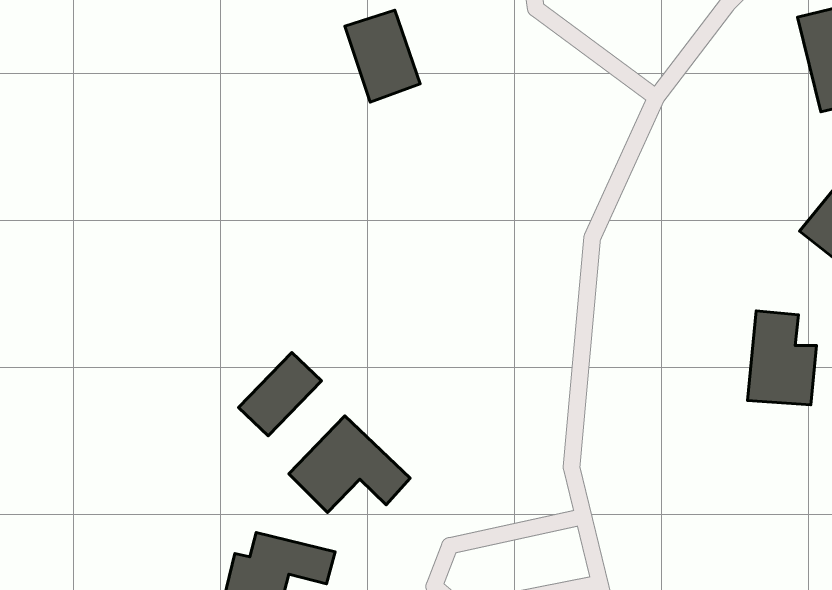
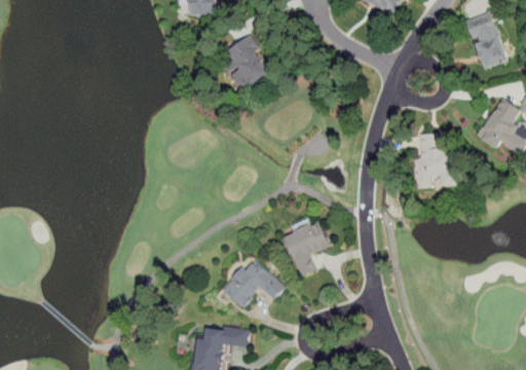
building: [747,311,817,405] -> [414,134,448,182]
building: [239,352,321,436] -> none
building: none -> [281,220,328,277]

